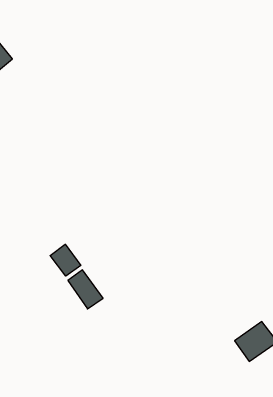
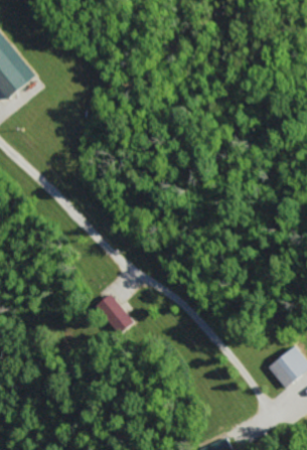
building: [50,244,81,276] -> none

